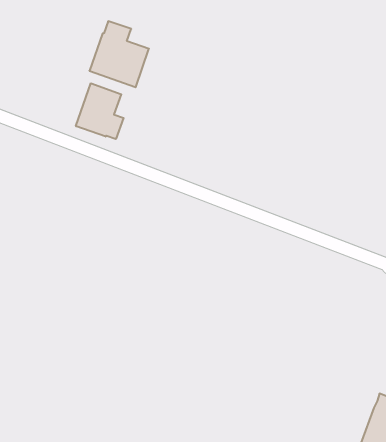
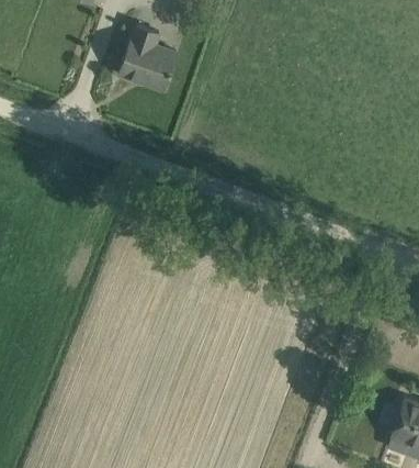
building: [76,83,124,139] -> none

